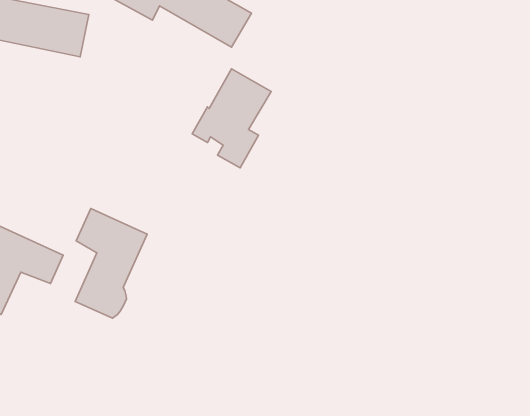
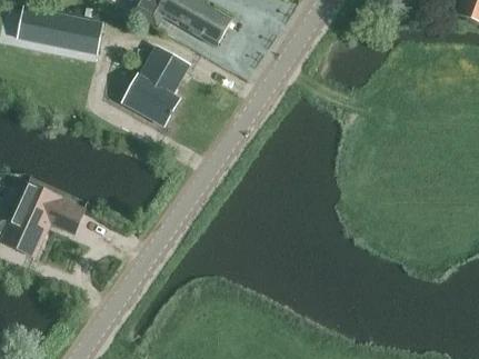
building: [192,69,271,168] -> [126,47,188,124]
building: [75,209,147,318] -> none

